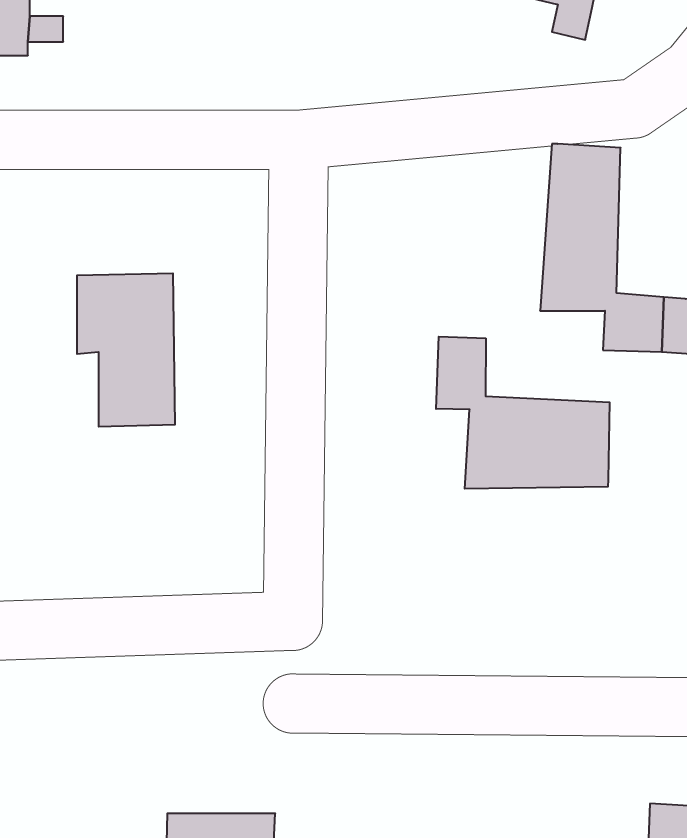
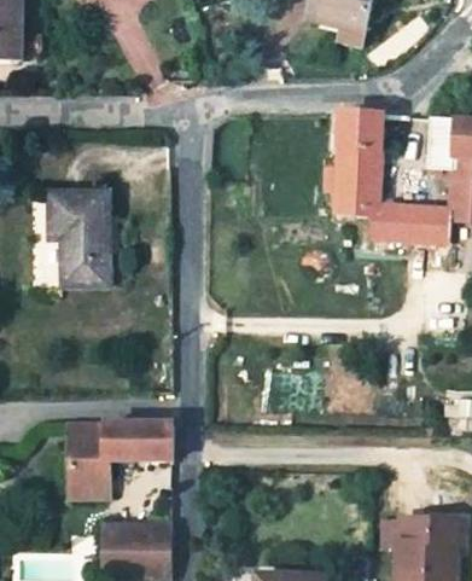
building: [436,337,610,489] -> none
building: none -> [69,424,170,498]

